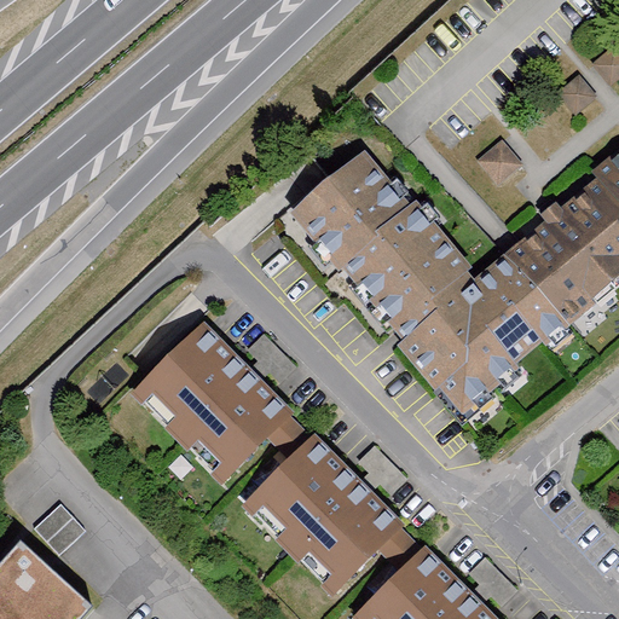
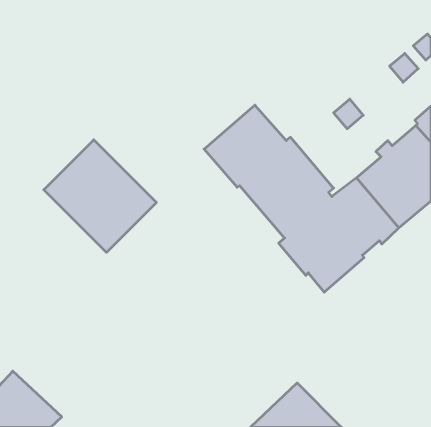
building: [133,323,294,484] -> [44,140,156,252]
building: [242,435,404,597] -> none

